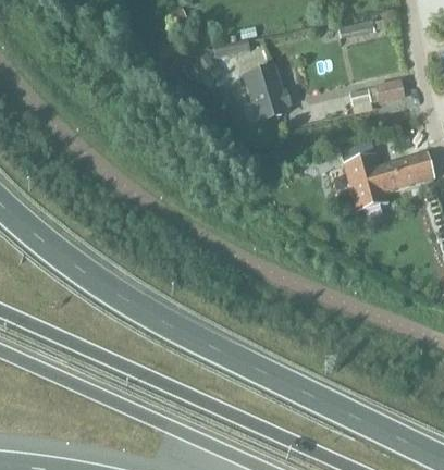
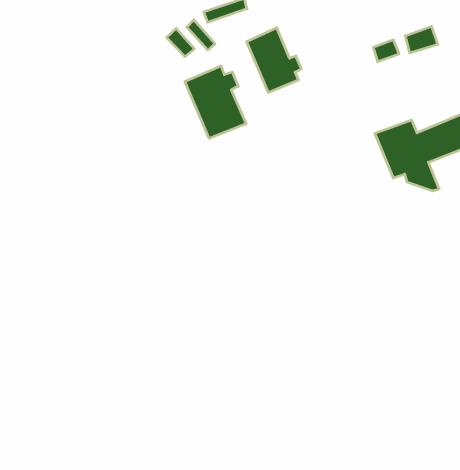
building: none -> [185,66,246,138]

